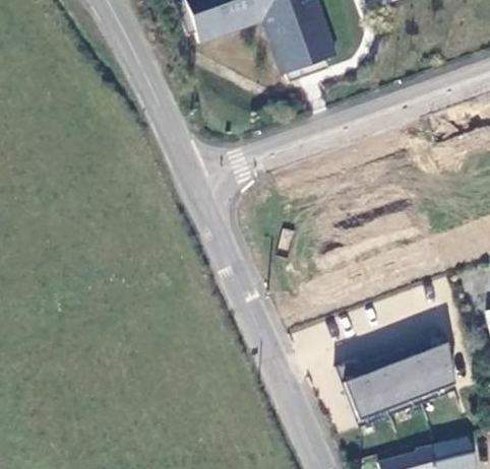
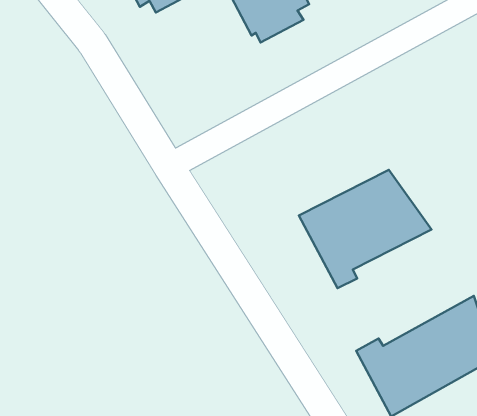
building: none -> [299,170,432,288]

